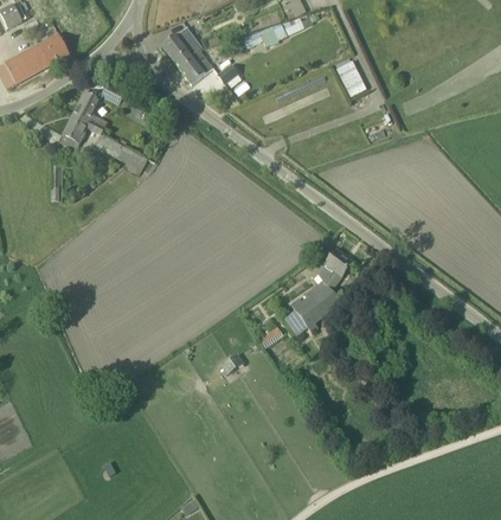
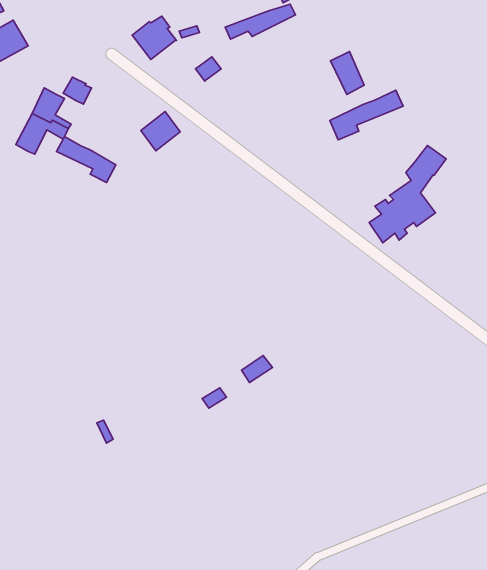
building: [178,49,212,83] -> [141,112,180,151]
building: none -> [330,90,403,140]
building: [285,249,353,334] -> [369,145,446,243]

